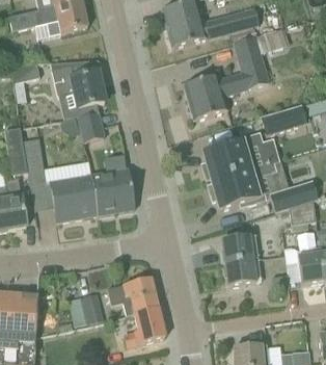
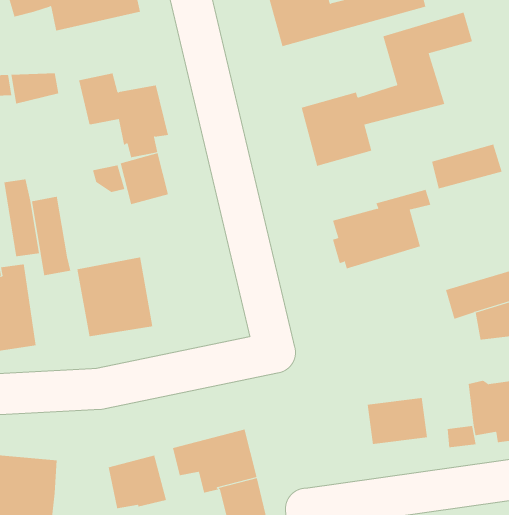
building: [209,162,275,209] -> none
building: [88,167,134,215] -> none
building: [220,234,256,262] -> none

